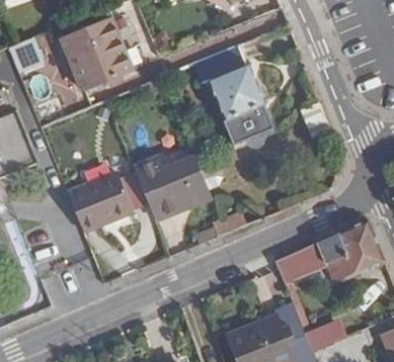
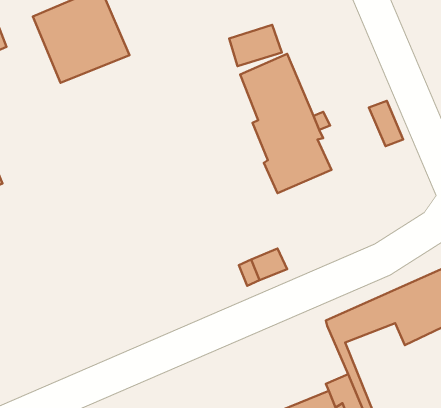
building: [133,155,212,219] -> none
building: [67,171,133,232] -> none

